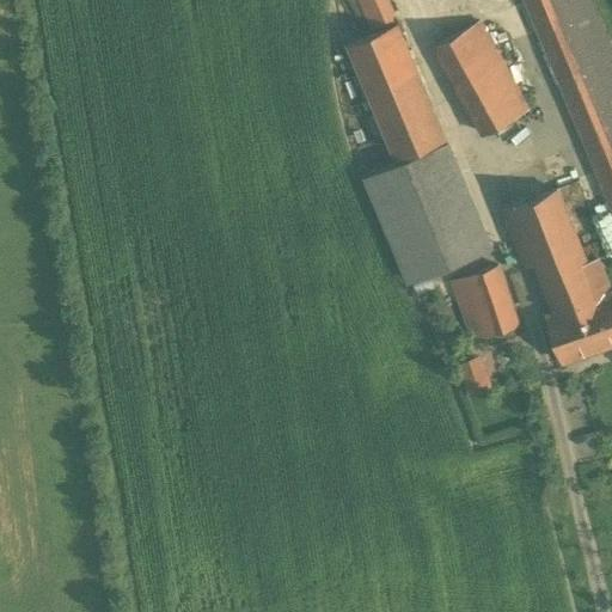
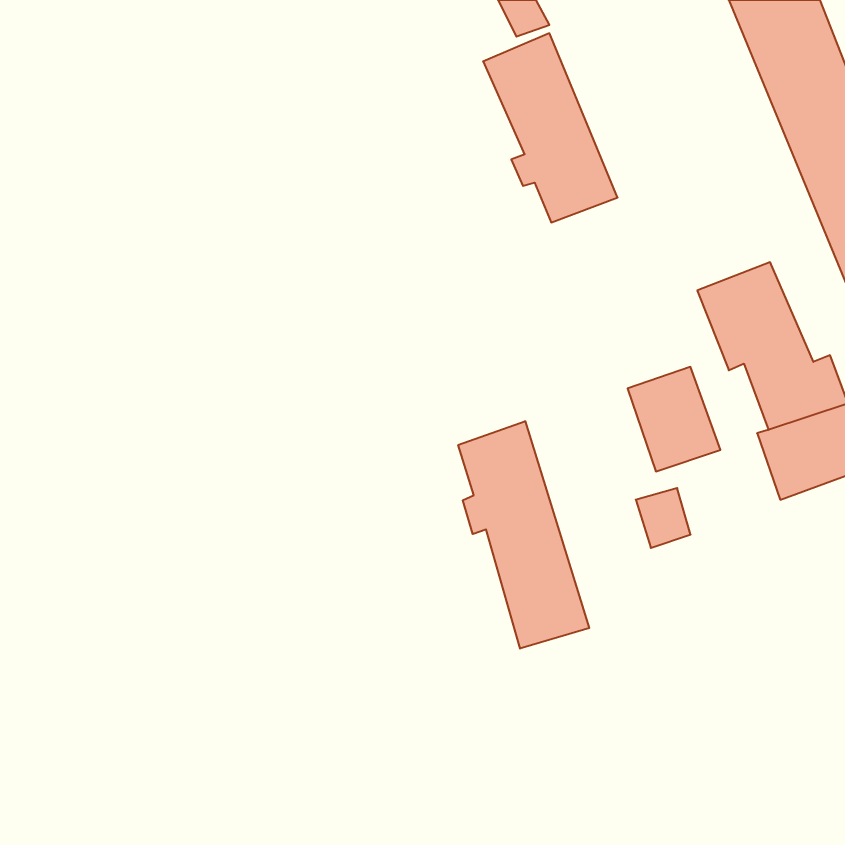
building: [436,24,530,134] -> none
building: [368,145,491,283] -> none
building: none -> [458,421,589,649]

